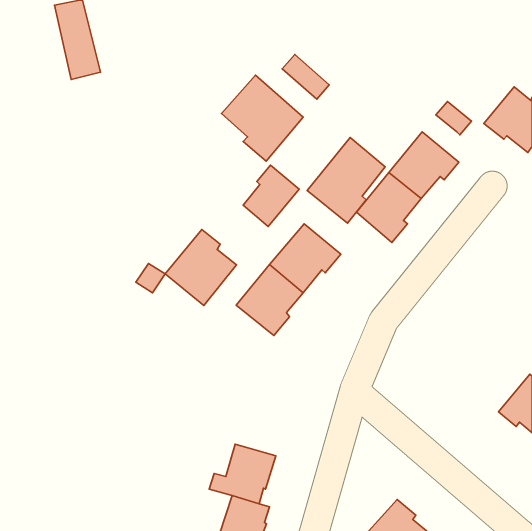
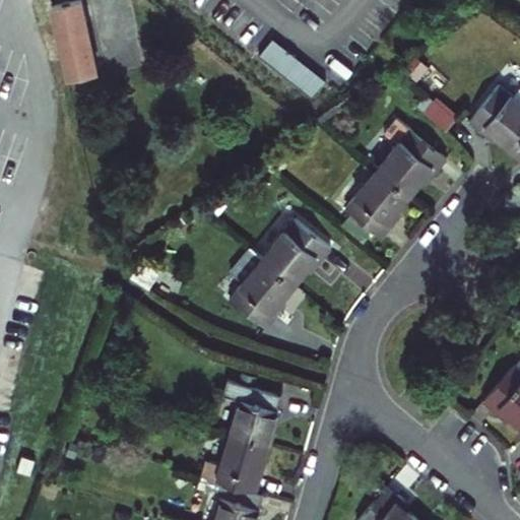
building: [221,75,303,161] -> none
building: [307,138,385,223] -> none
building: [243,165,299,226] -> none
building: [165,230,236,306] -> none
building: none -> [224,383,279,446]

